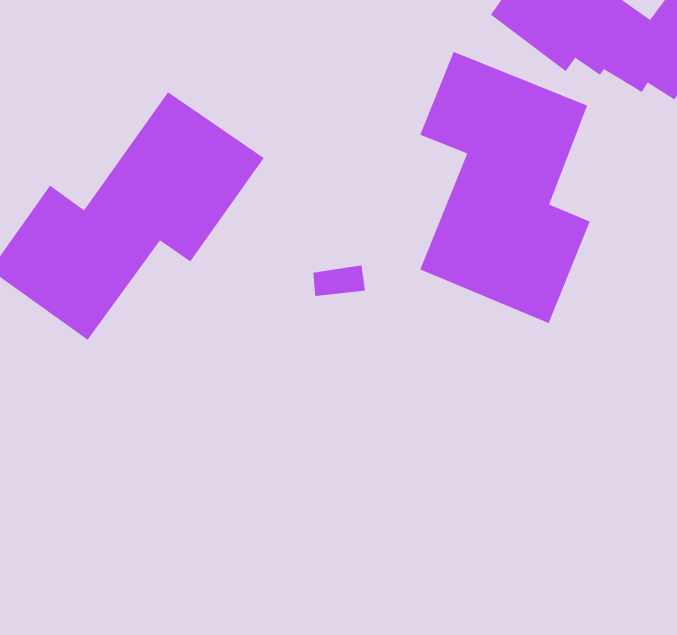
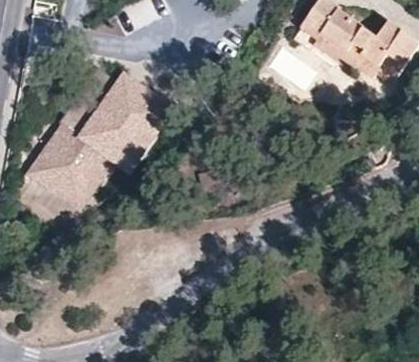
building: [419,51,591,324] -> none

